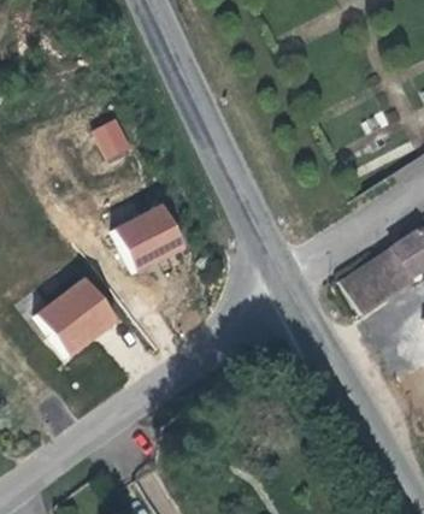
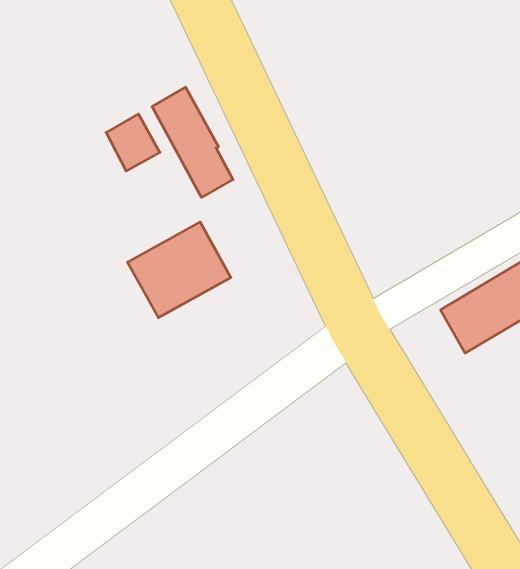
building: none -> [152,87,233,197]
building: [28,276,120,367] -> none

